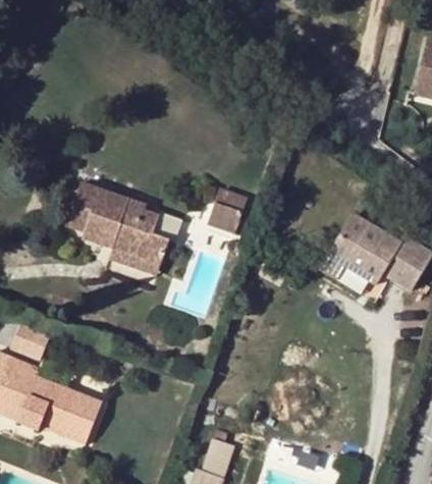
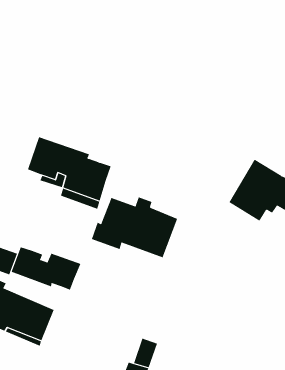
building: [204,185,246,232] -> none
building: none -> [91,196,178,258]
building: none -> [11,246,81,291]

